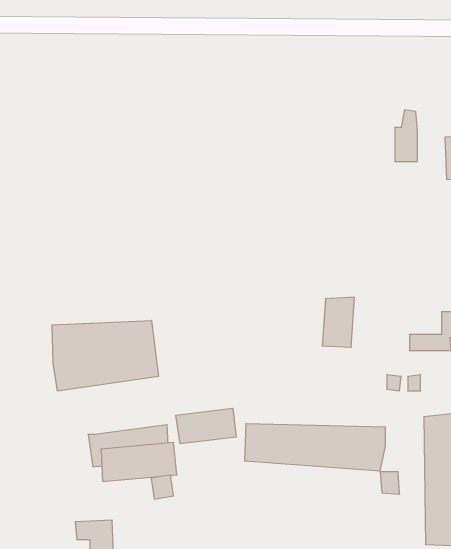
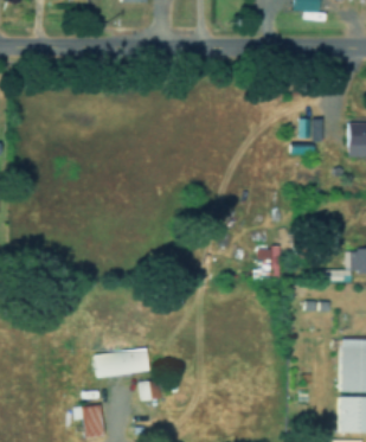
building: [52,320,158,391] -> none
building: [176,408,236,444] -> none
building: [245,423,385,471] -> none

